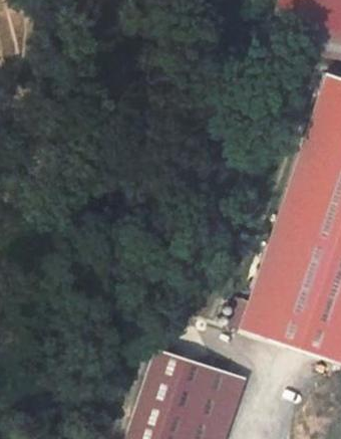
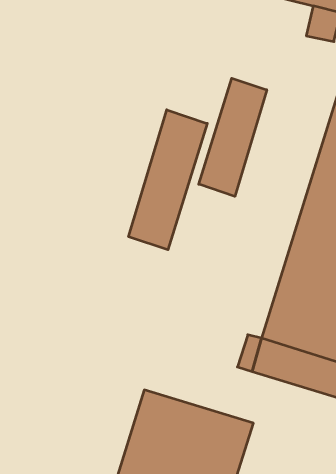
building: none -> [199,78,267,196]
building: none -> [129,110,207,250]

